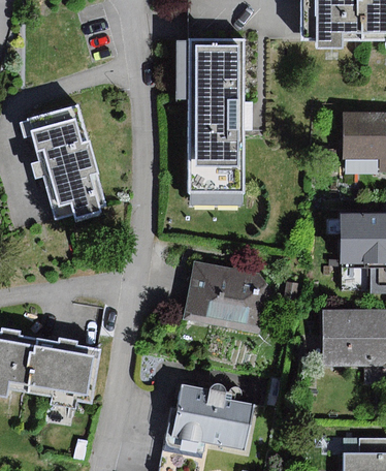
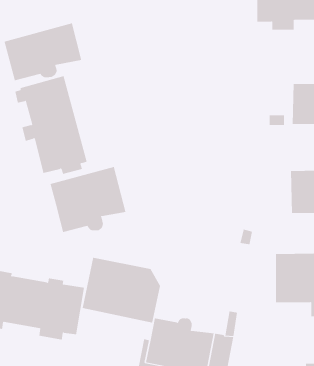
building: [186,38,245,192] -> none
building: none -> [4,23,82,81]
building: none -> [50,166,126,233]
building: [179,258,270,335] -> [82,257,161,323]

